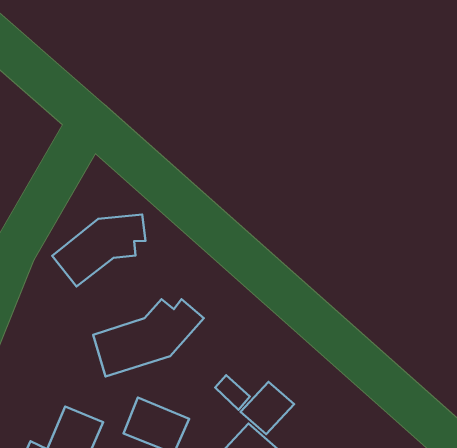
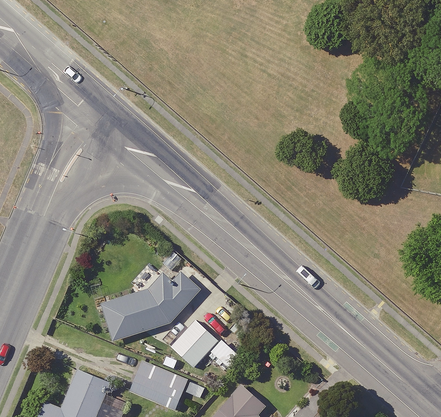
building: [52,214,145,287] -> none
building: [240,382,294,434] -> [170,320,218,367]

